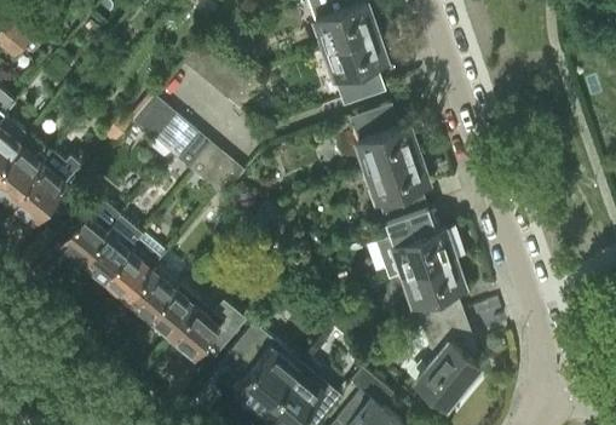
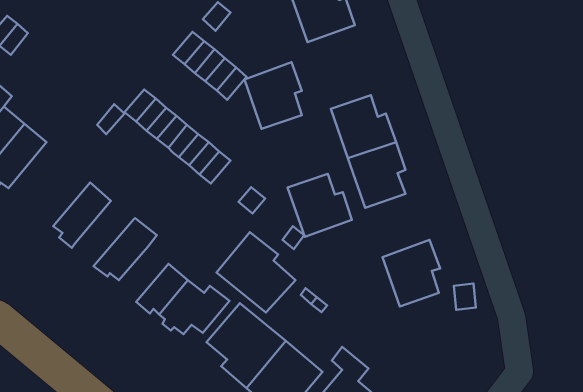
building: [324,31,385,102] -> [244,62,302,129]
building: [10,151,79,222] -> none
building: [385,209,453,276] -> [288,174,352,237]
building: [80,217,142,286] -> none
building: none -> [216,232,295,313]
building: [126,265,178,323] -> none
building: [414,314,479,408] -> none

